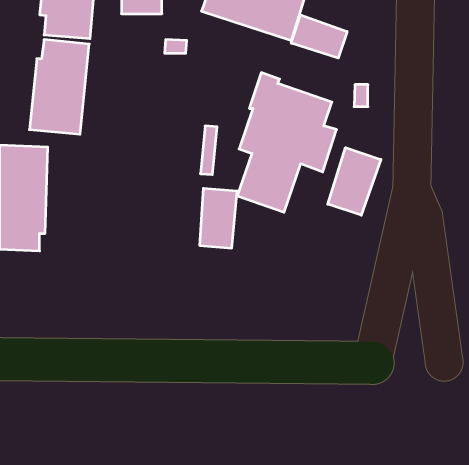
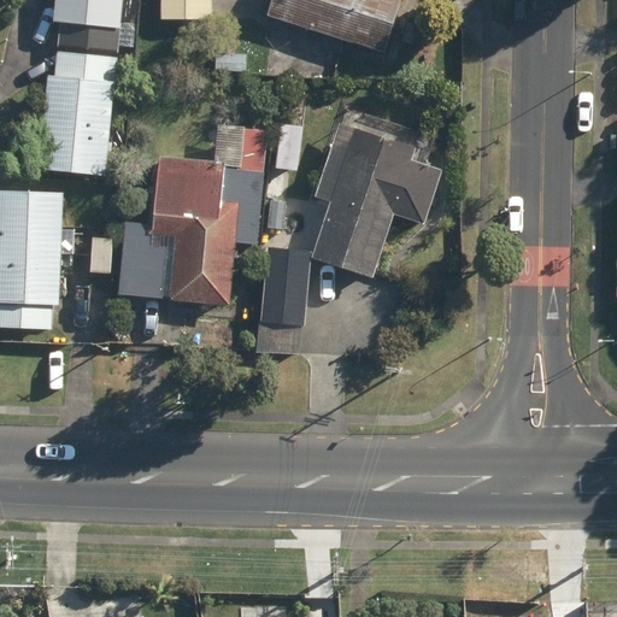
building: [291,15,347,58] -> none
building: none -> [117,129,266,304]
building: [328,148,381,215] -> none

